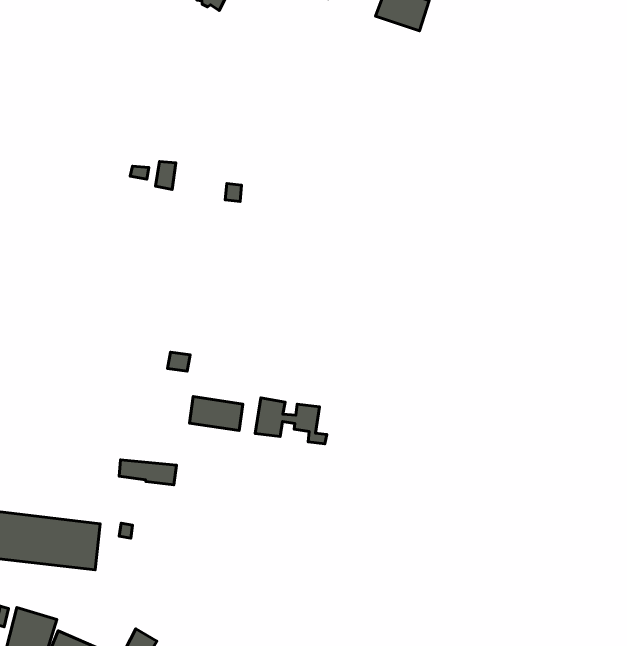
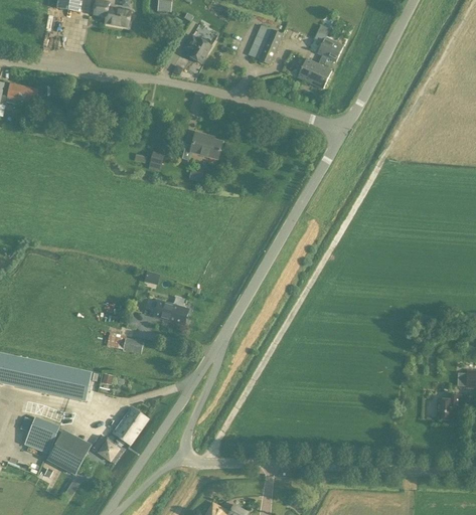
building: none -> [180,131,220,159]
building: [255,398,327,444] -> none
building: none -> [112,405,147,444]

